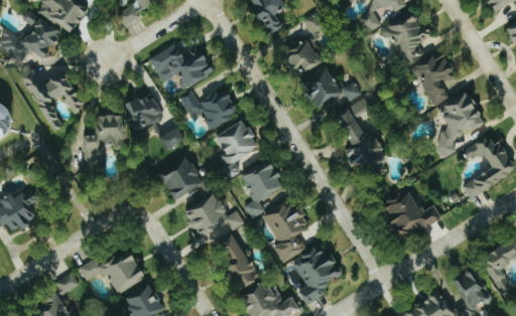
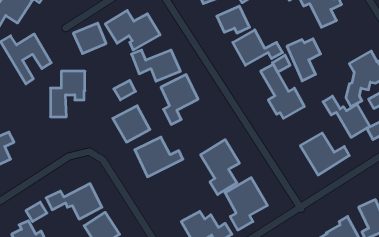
building: [413,55,454,106] -> [287,39,321,81]
building: [123,95,162,131] -> [73,23,106,54]
building: none -> [323,96,370,137]
building: [241,160,282,217] -> none
building: [216,233,257,290] -> none

